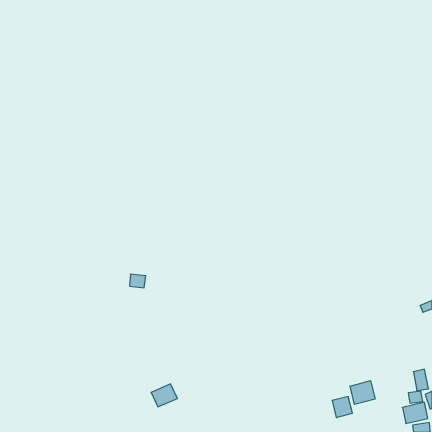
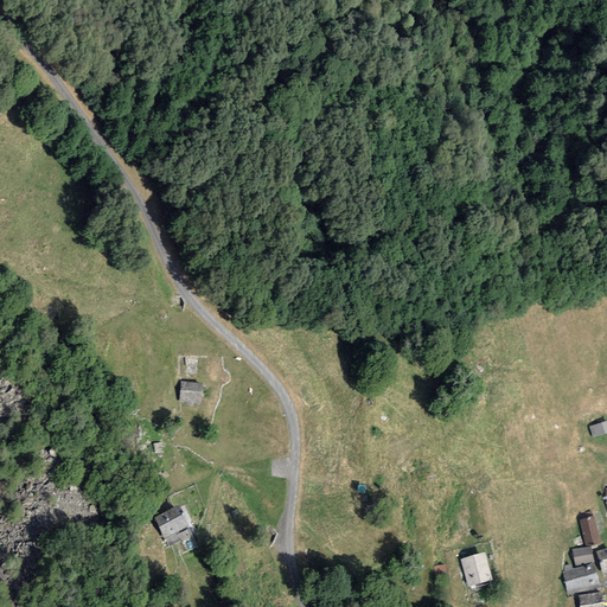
building: [350,381,375,404] -> none
building: [151,384,177,407] -> [152,506,189,538]

